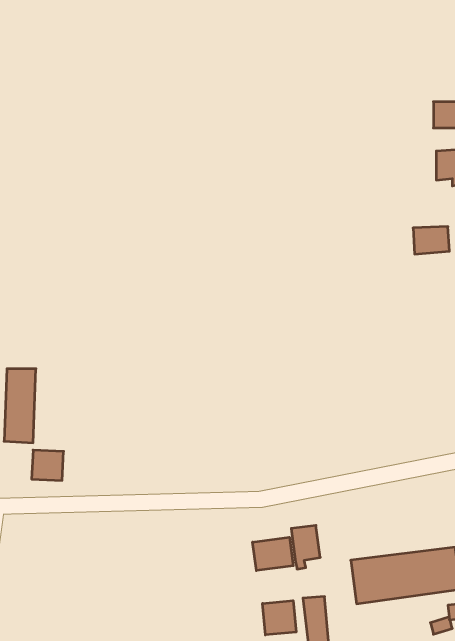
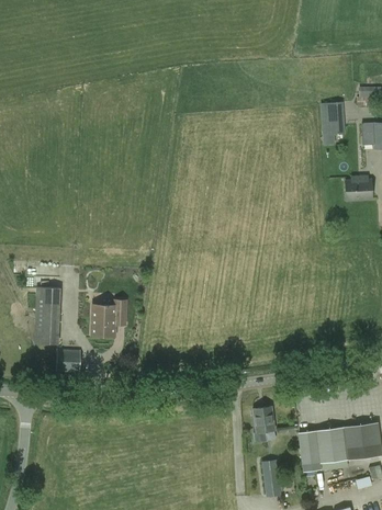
building: none -> [319,102,345,146]
building: none -> [91,301,126,337]
building: [253,537,293,571] -> none
building: [263,601,296,635] -> none

